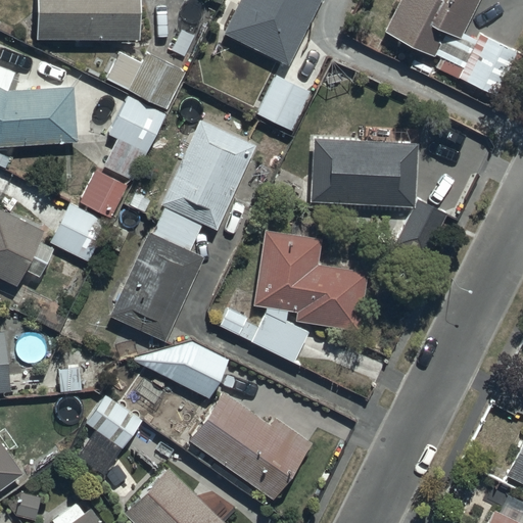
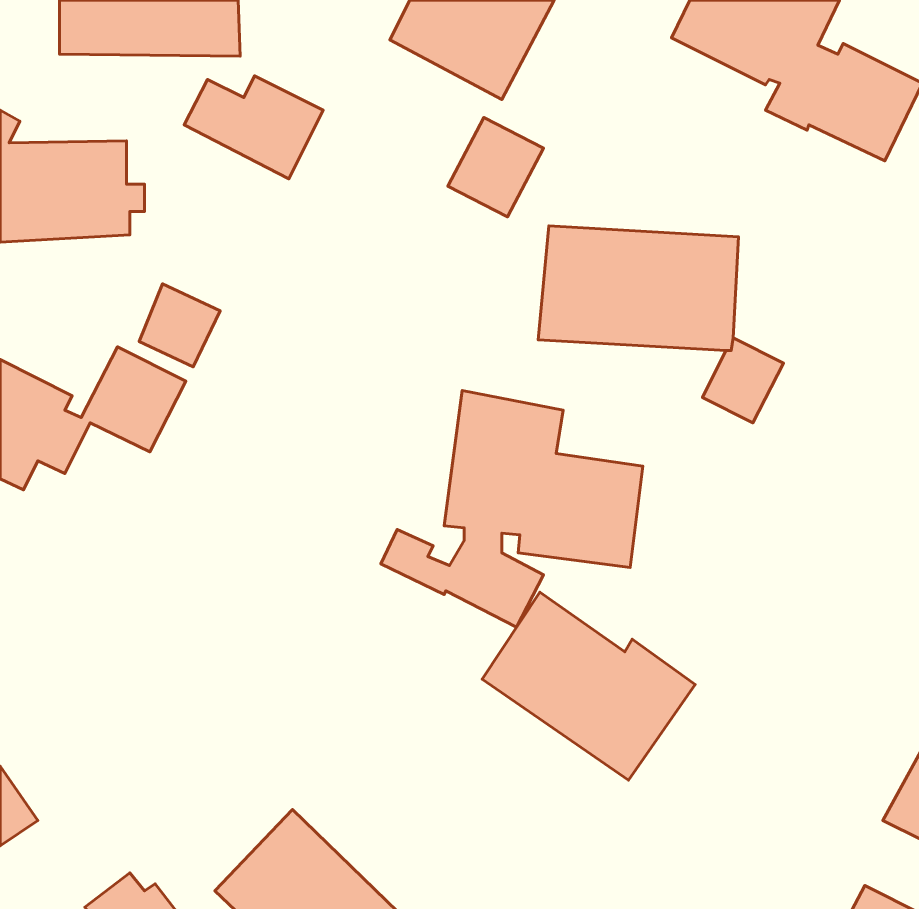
building: [105,96,165,181] -> none
building: [108,117,256,340] -> none
building: [133,340,227,398] -> none
building: [189,391,310,497] -> [482,592,695,780]
building: [76,394,141,475] -> none

